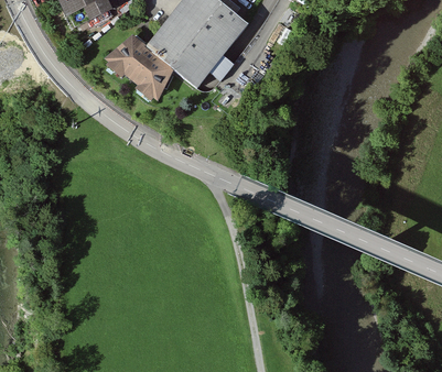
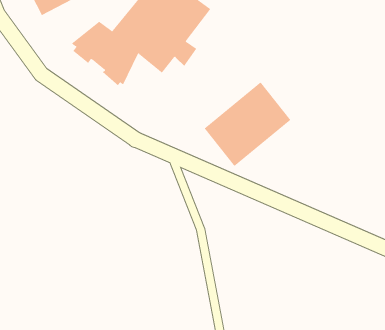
building: none -> [204,82,291,167]

